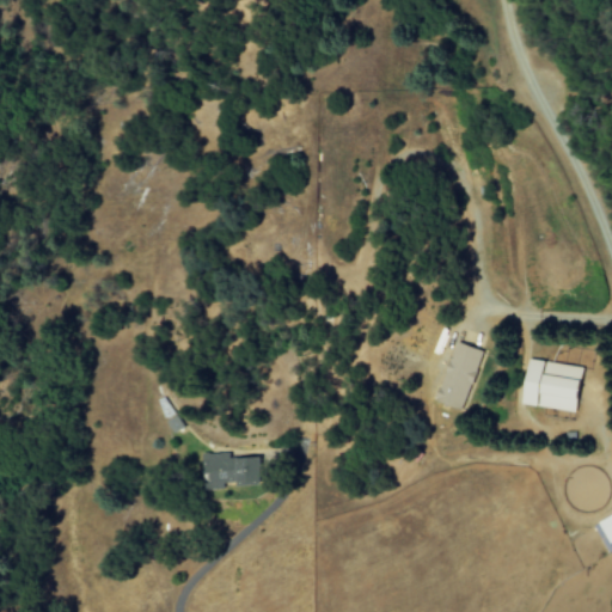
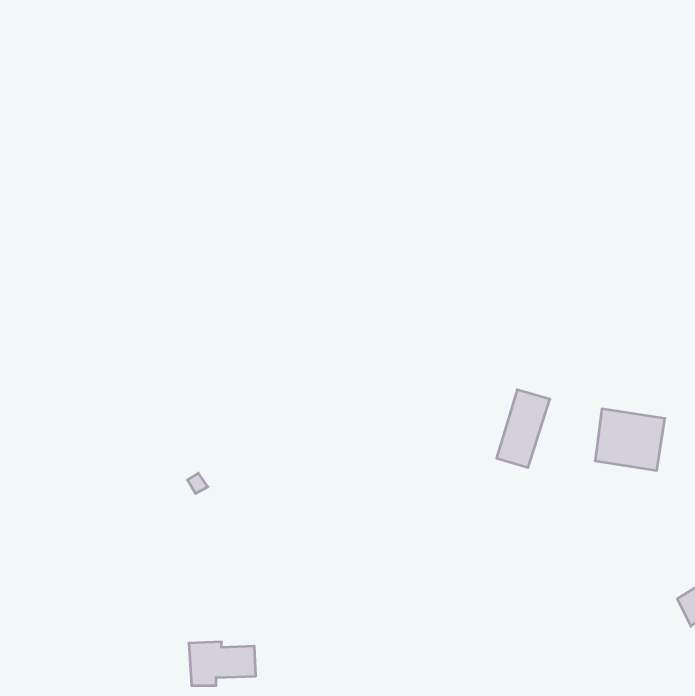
building: [202,452,261,490] -> [189,642,256,686]

